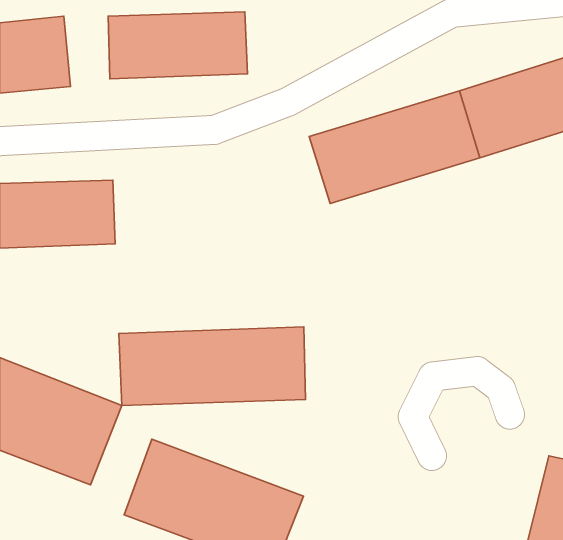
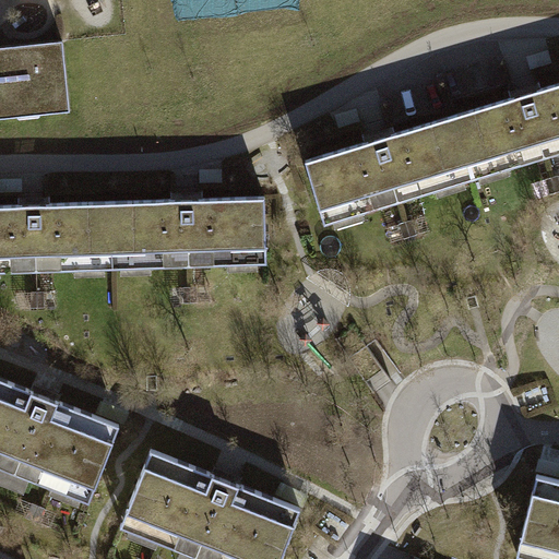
building: [108,12,247,79] -> none
building: none -> [111,199,266,266]
building: [119,327,305,406] -> none

